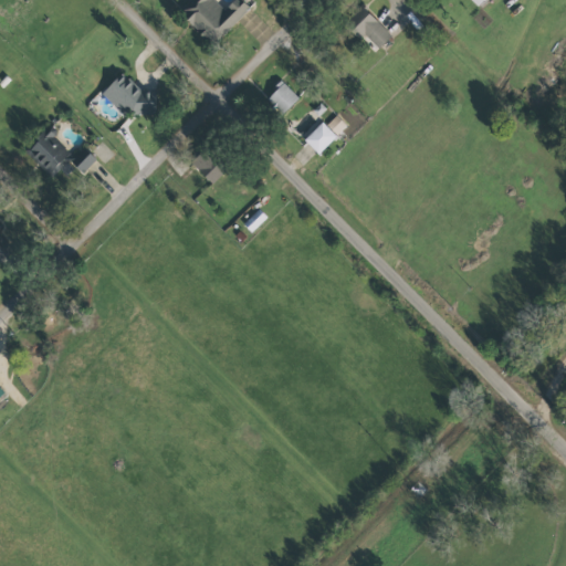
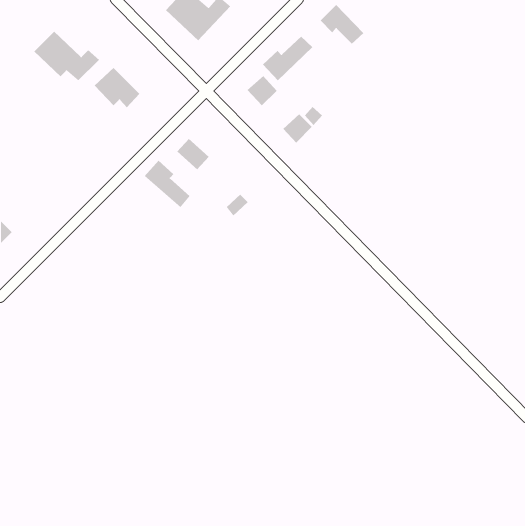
building: none -> [262,36,313,81]
building: [27,127,97,181] -> [34,31,100,81]
building: none -> [144,160,190,208]

